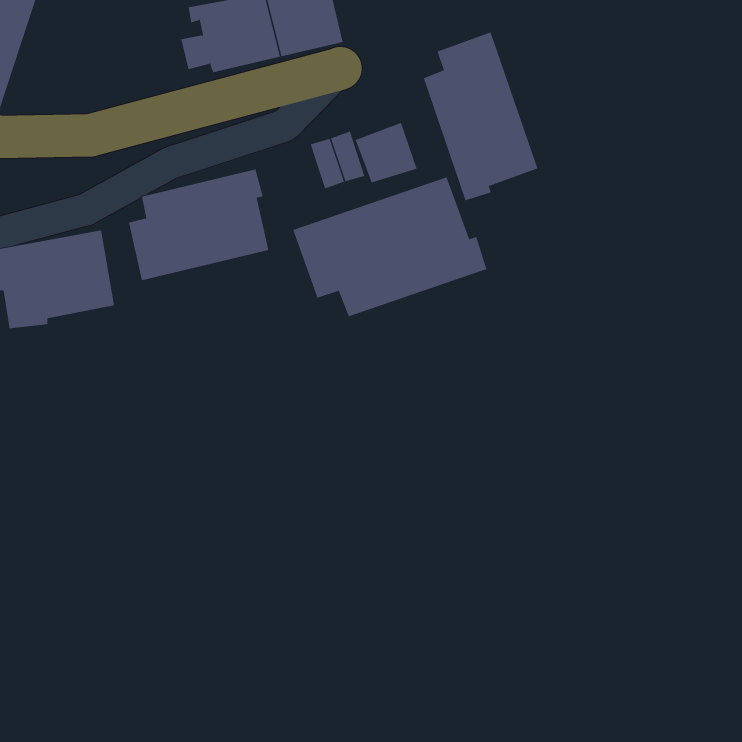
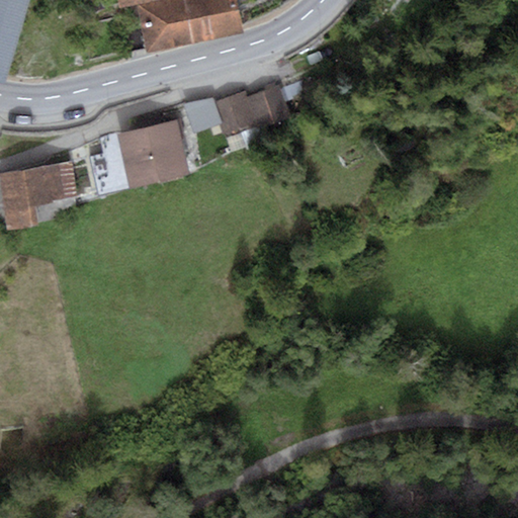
building: [423,32,538,201] -> none
building: none -> [182,97,218,132]
building: [293,176,487,317] -> none

